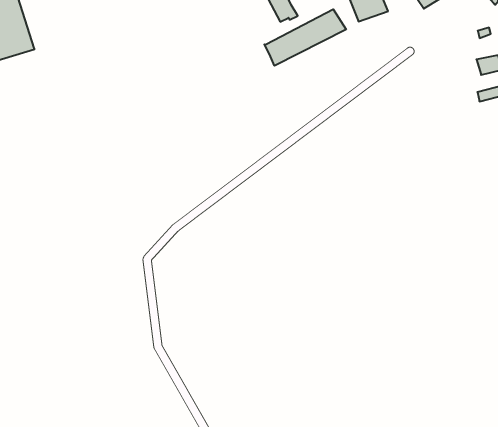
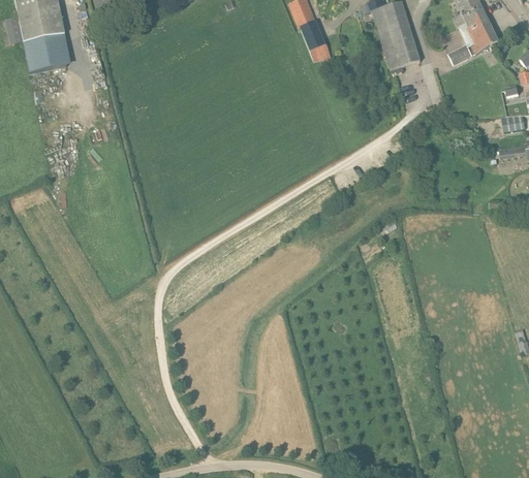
building: [264,9,346,66] -> none

